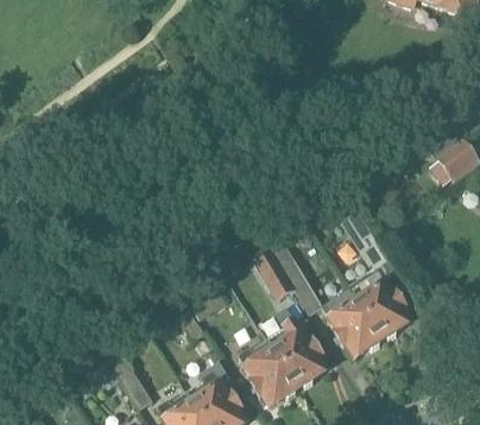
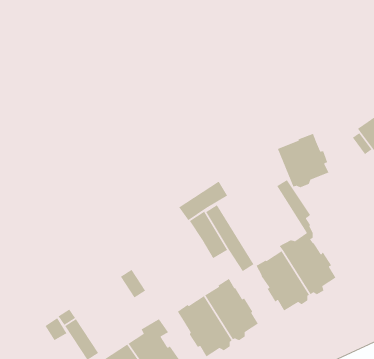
building: none -> [277,133,329,188]
building: none -> [178,181,228,221]

